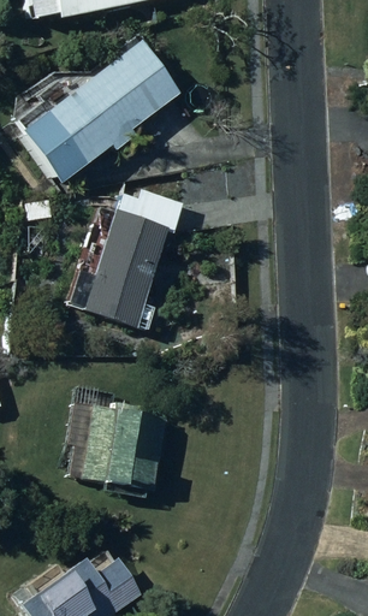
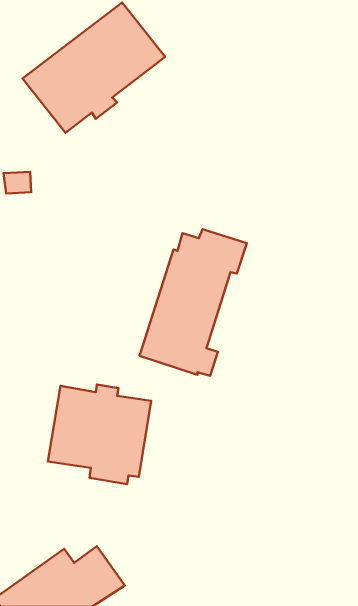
building: [79,190,182,330] -> [139,229,247,376]

